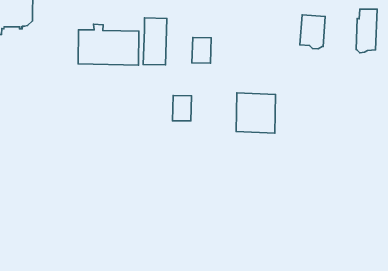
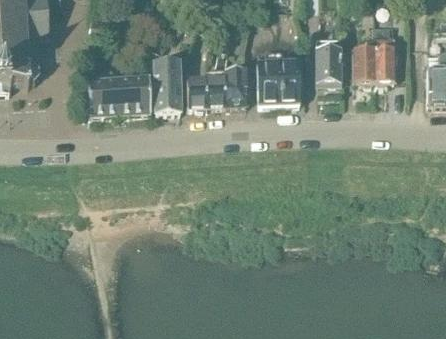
building: none -> [352,36,375,82]
building: none -> [223,68,246,103]
building: [236,93,275,133] -> [257,60,299,101]
building: [172,95,192,121] -> [186,78,206,105]

